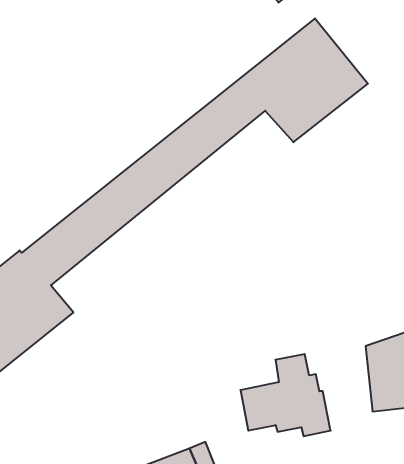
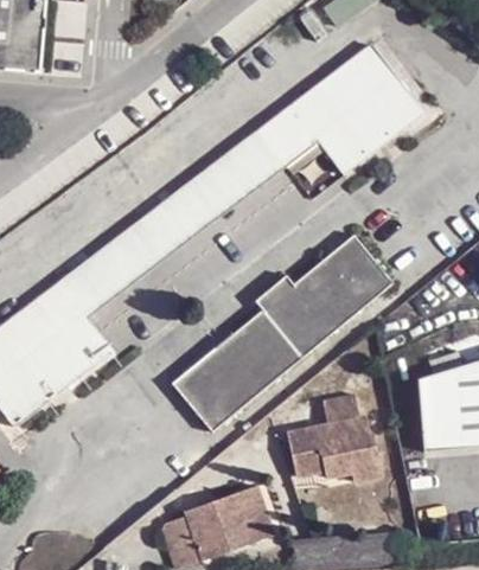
building: none -> [172,233,396,431]

